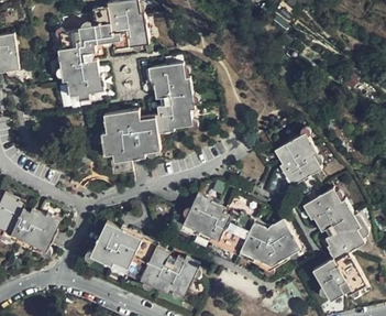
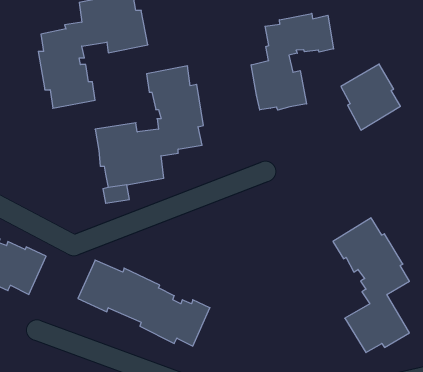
building: none -> [251,13,334,110]
building: [273,131,322,186] -> [341,64,400,130]
building: [183,192,300,269] -> none

